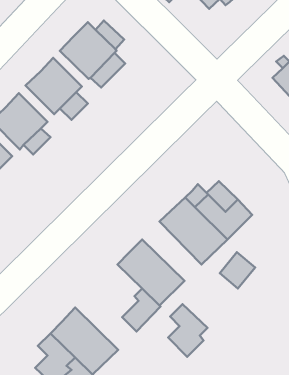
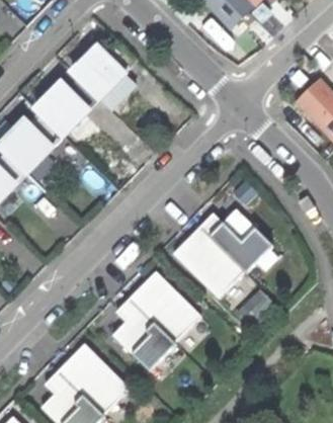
building: [168,304,207,357] -> [114,299,156,354]

